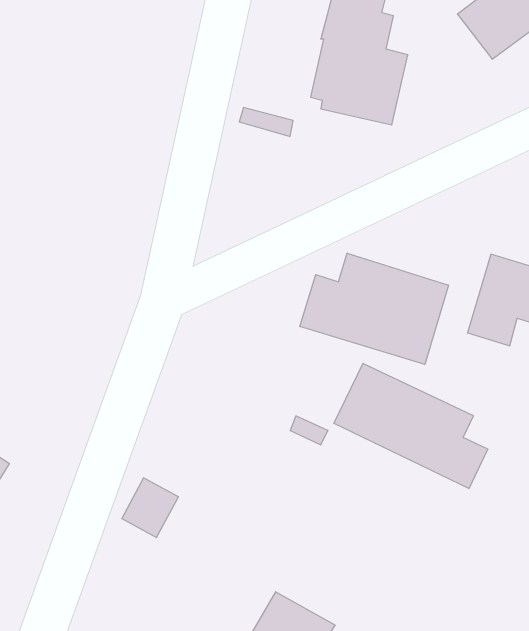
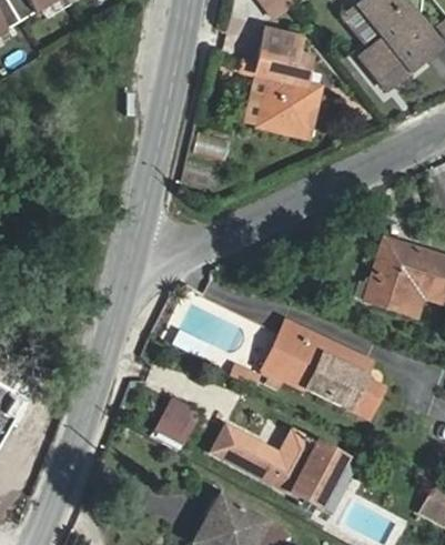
building: [300,253,449,364] -> none
building: [122,478,178,538] -> [154,397,198,443]
building: none -> [212,426,343,507]

